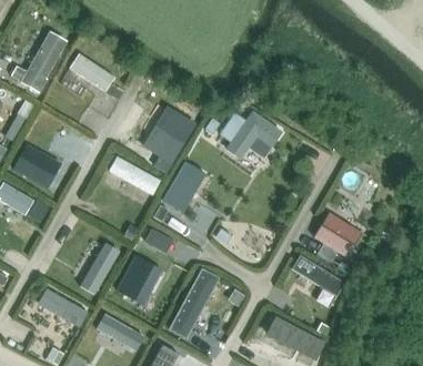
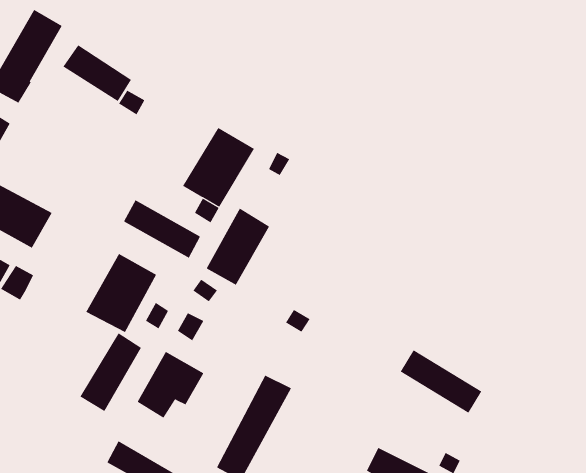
building: [219,109,282,160] -> none
building: none -> [86,253,157,333]
building: [312,212,361,257] -> none
building: [37,288,87,327] -> none

